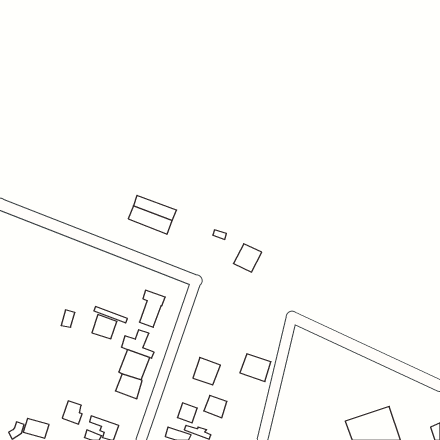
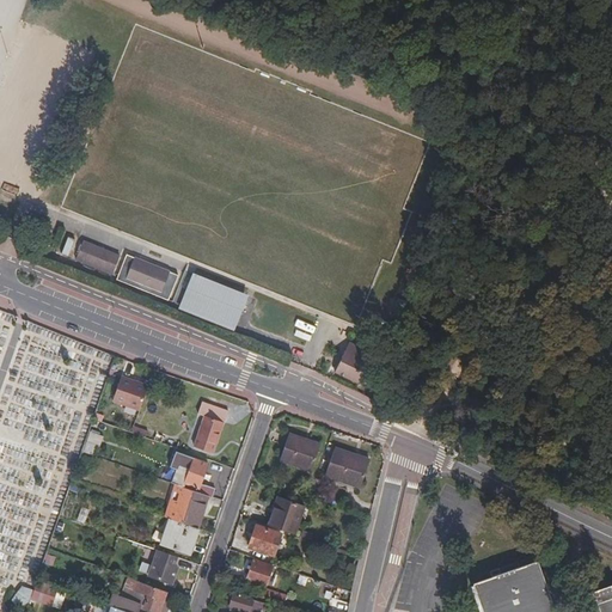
building: none -> [73,241,117,273]
building: none -> [115,255,176,298]
building: none -> [279,435,319,471]
building: [92,315,117,339] -> [112,374,147,408]
building: [240,354,271,382] -> [324,449,367,488]
building: [204,395,227,418] -> [249,526,281,557]
building: [62,401,82,424] -> [149,550,177,582]

